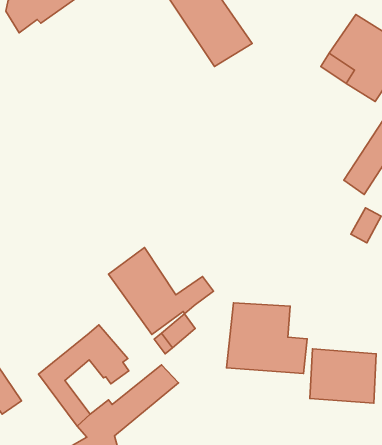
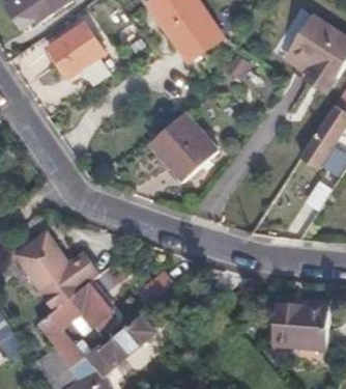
building: none -> [49,24,110,84]
building: none -> [148,109,215,177]
building: [108,248,213,335] -> [16,231,106,306]
building: [226,303,307,374] -> none

